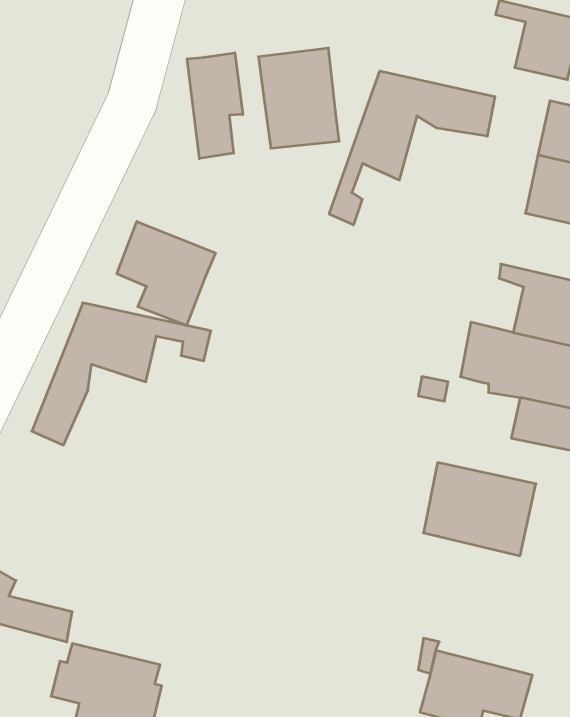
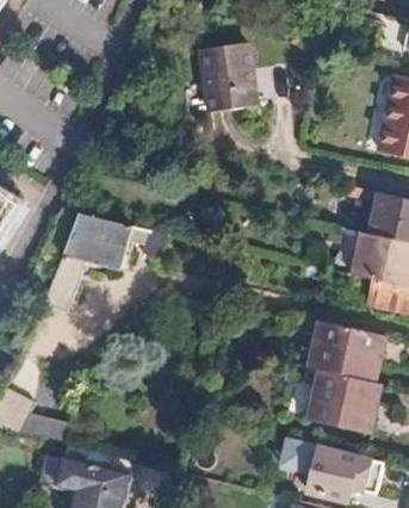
building: [187,53,243,159] -> none
building: [329,71,495,225] -> none
building: [117,221,215,326] -> none
building: none -> [309,372,382,434]

